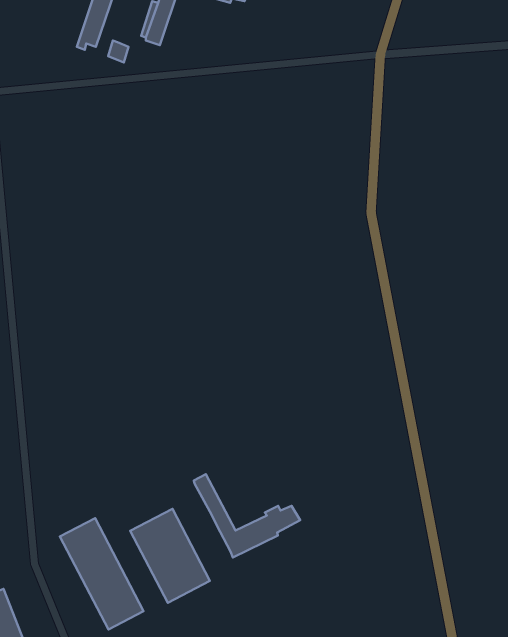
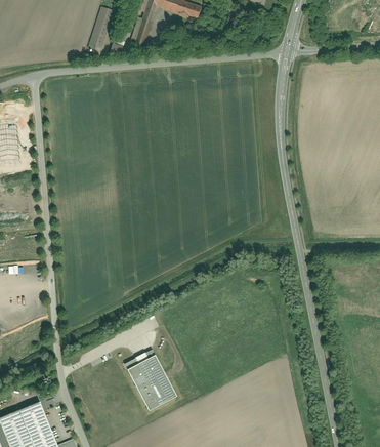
building: [194,474,300,557] -> none
building: [60,518,143,630] -> none

